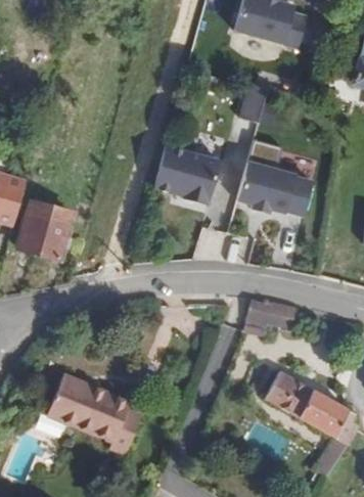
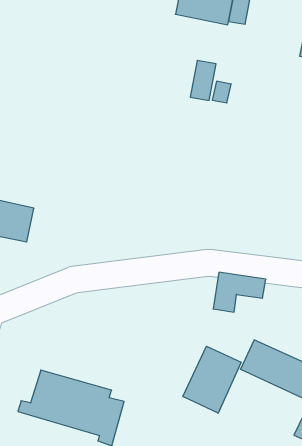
building: [151,149,219,209] -> none
building: [234,162,315,223] -> none
building: none -> [183,346,241,413]

